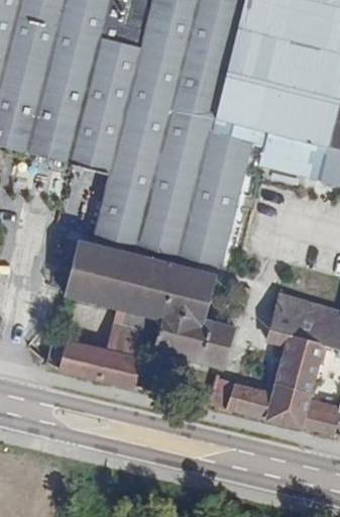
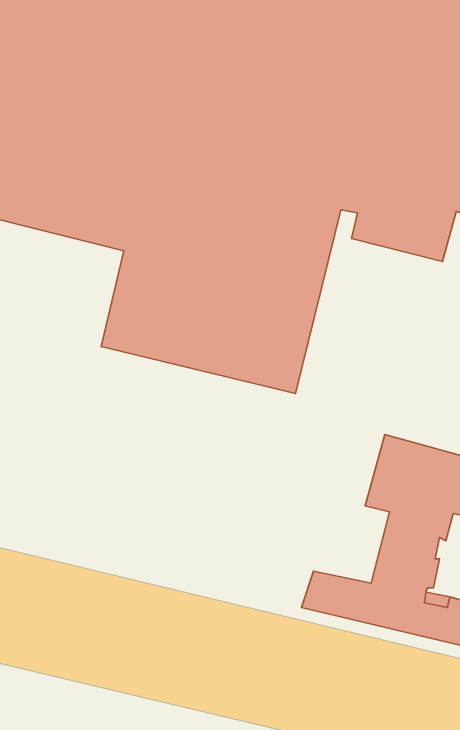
building: [63,241,234,368] -> none
building: [46,339,140,387] -> none

